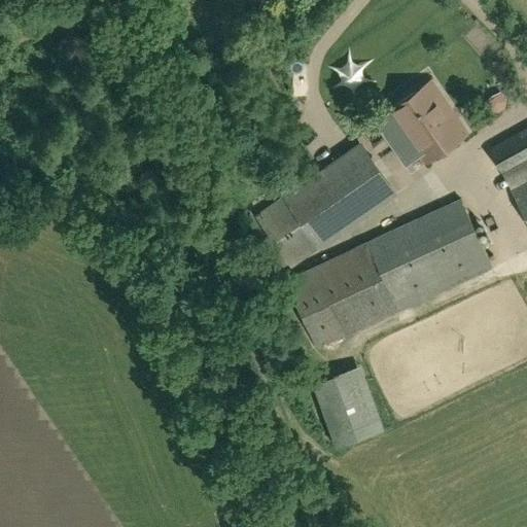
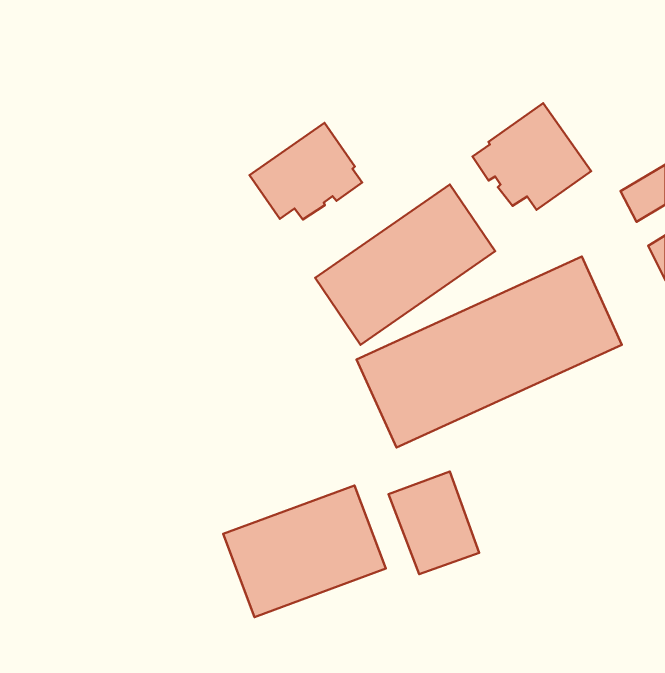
building: none -> [249,123,362,219]
building: none -> [223,485,386,617]

